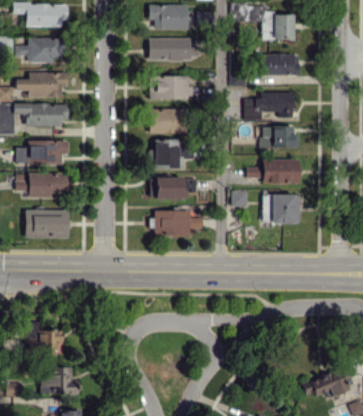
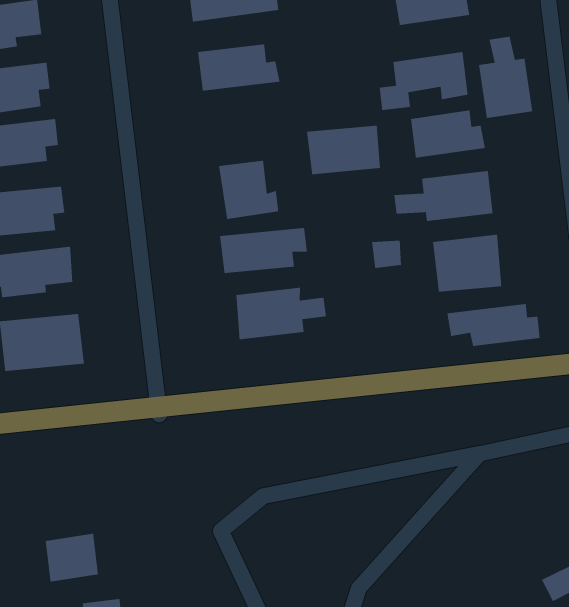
building: none -> [478,36,533,119]
building: [149,108,188,133] -> [306,125,381,175]
building: none -> [446,303,540,347]

